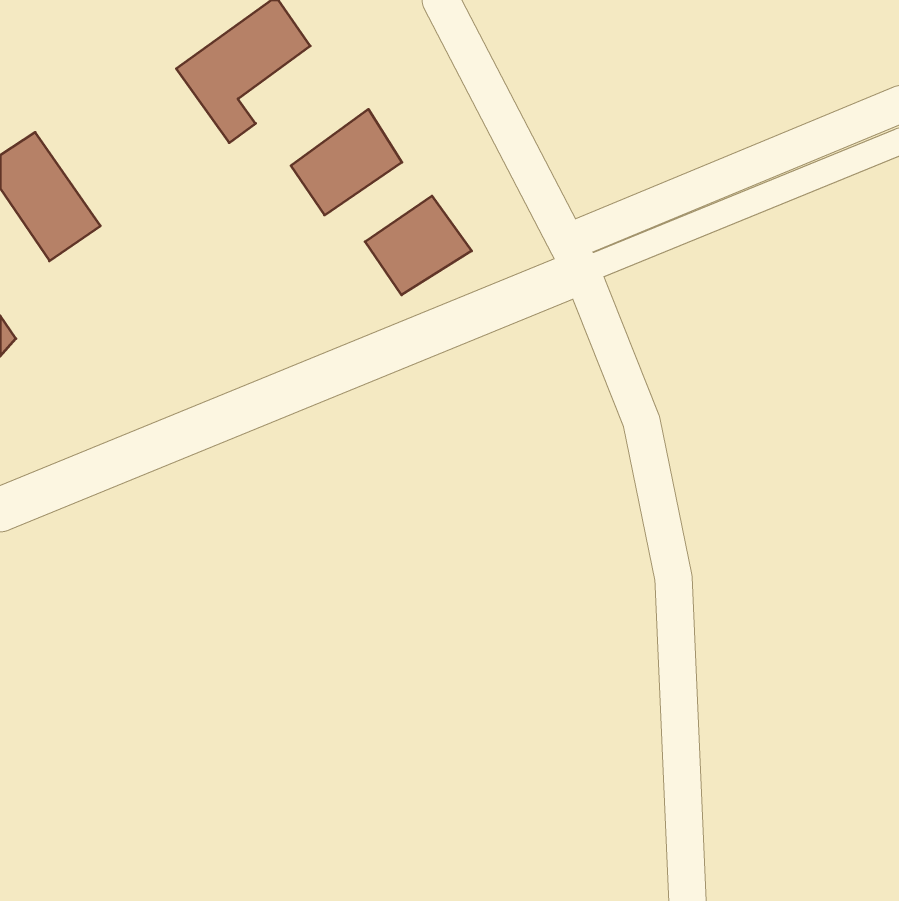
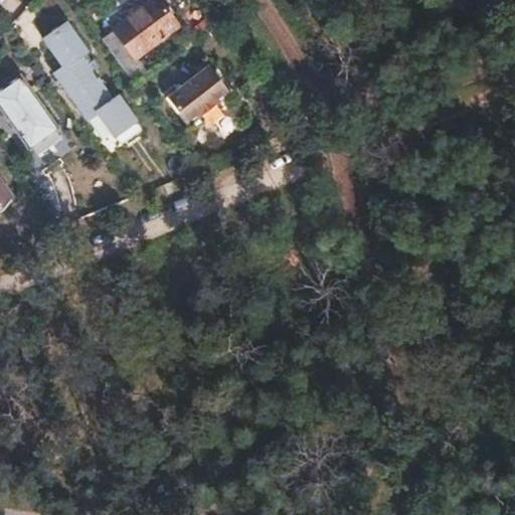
building: none -> [44,25,136,137]
building: [365,196,472,295] -> none

